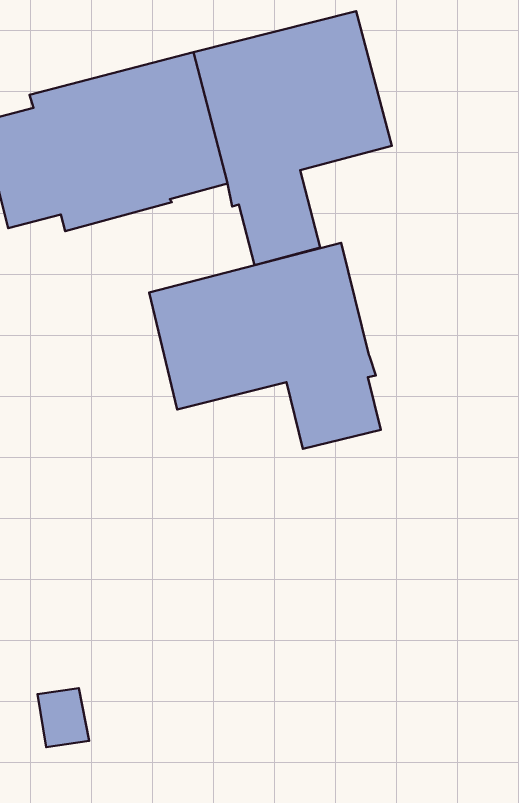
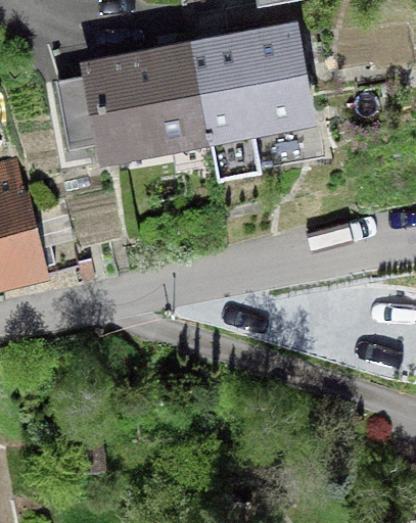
building: [149,243,381,449] -> none

